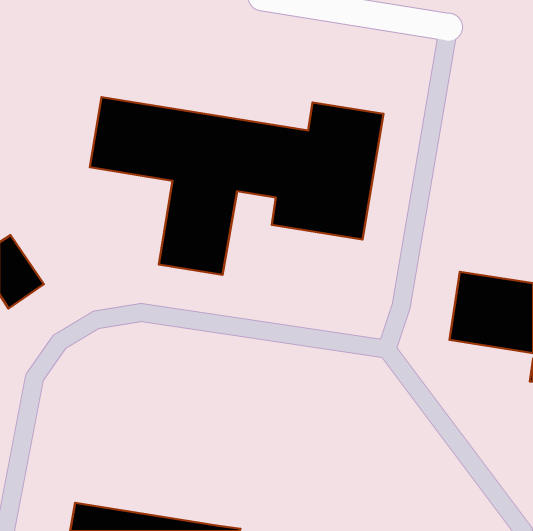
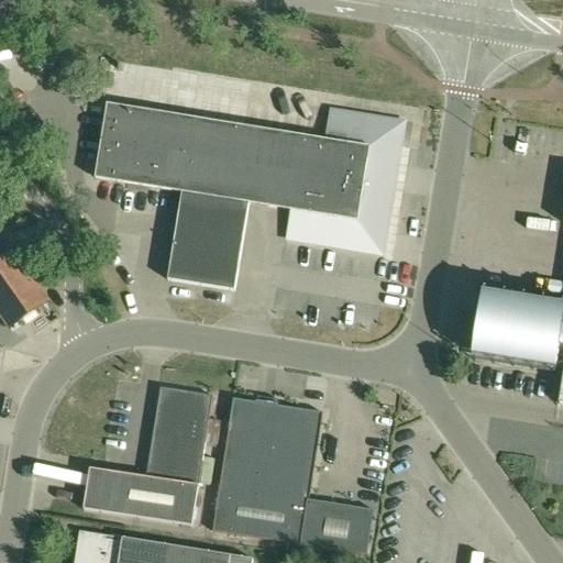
building: none -> [82,386,212,525]
building: none -> [212,397,373,553]

